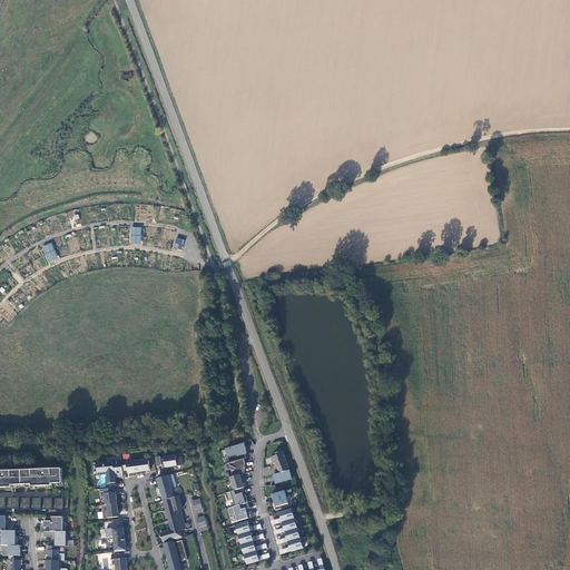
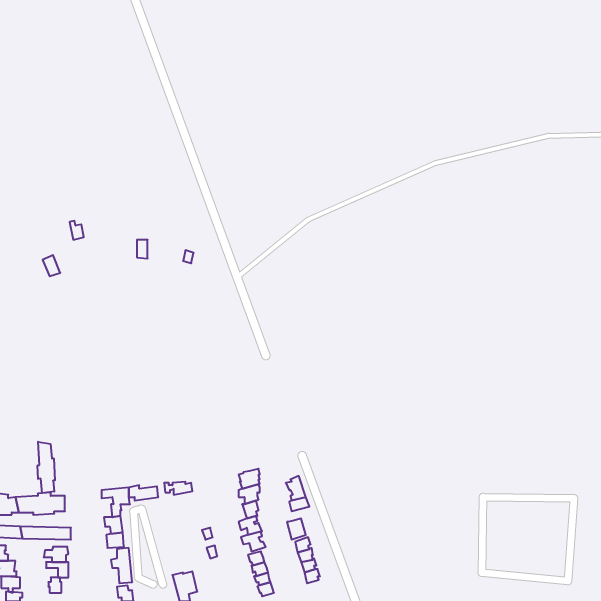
building: none -> [38,442,55,493]
building: [156,473,185,541] -> none

